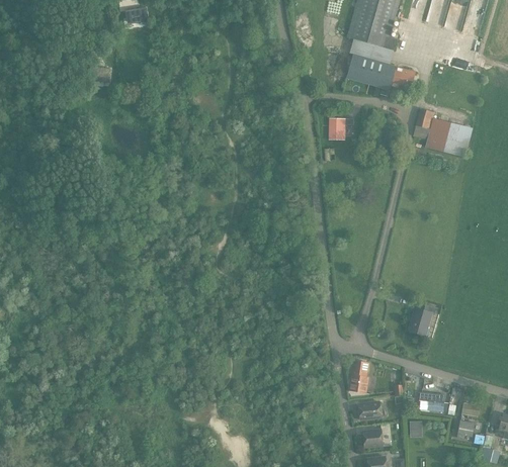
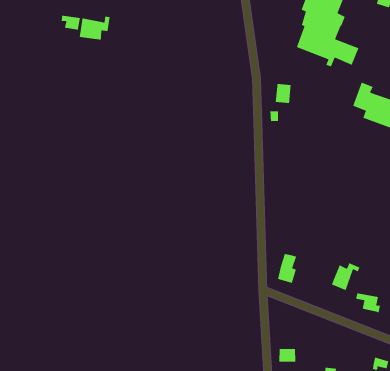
building: none -> [79,16,110,41]
building: [348,360,368,392] -> [277,253,297,284]
building: [419,391,447,411] -> [355,293,381,314]

